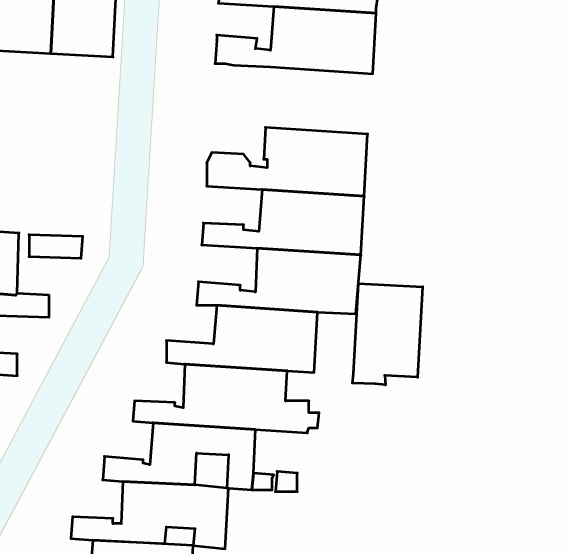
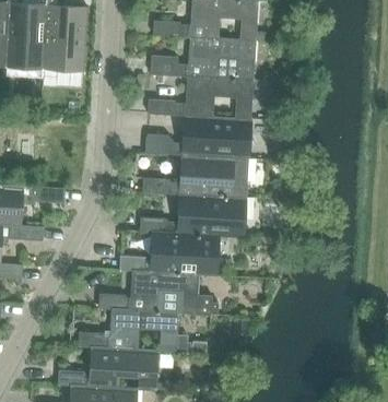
building: none -> [148,78,254,121]
building: [352,283,423,385] -> none

